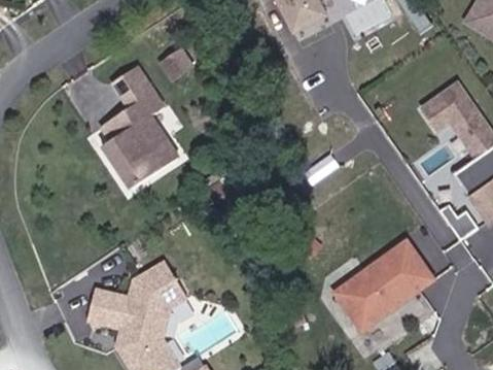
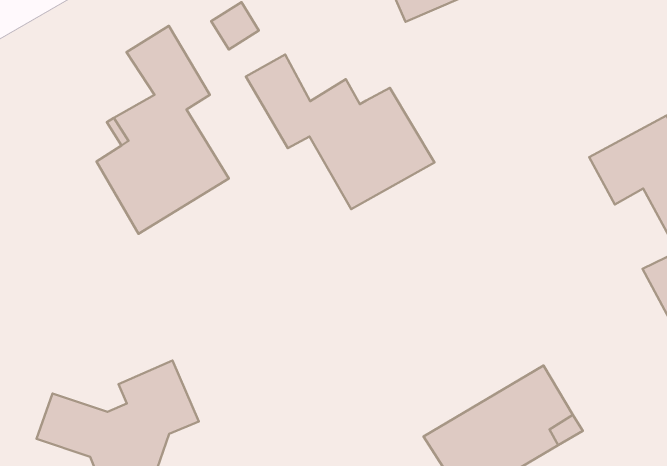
building: none -> [246,55,435,209]

